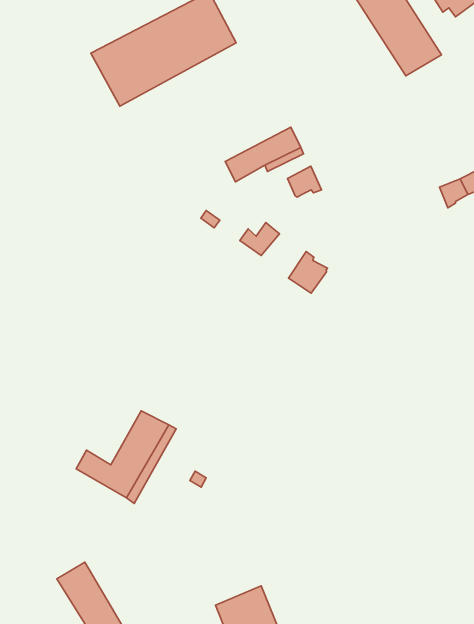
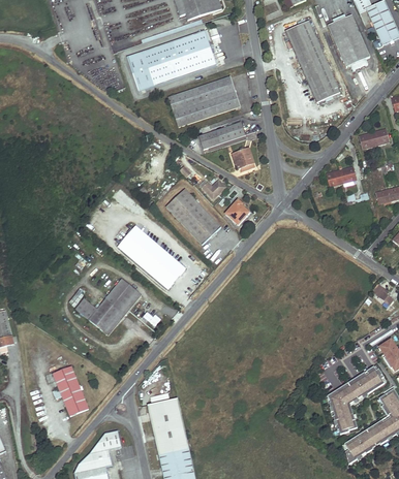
building: none -> [168,76,240,126]
building: none -> [165,188,220,244]
building: none -> [118,225,185,288]

